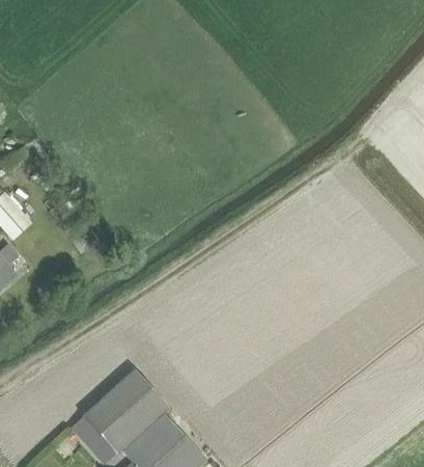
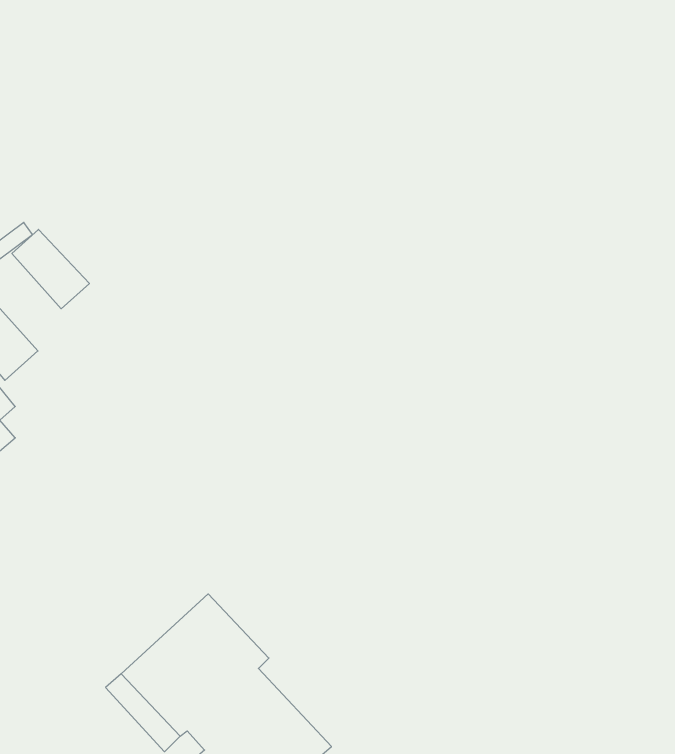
building: none -> [12,229,89,309]

